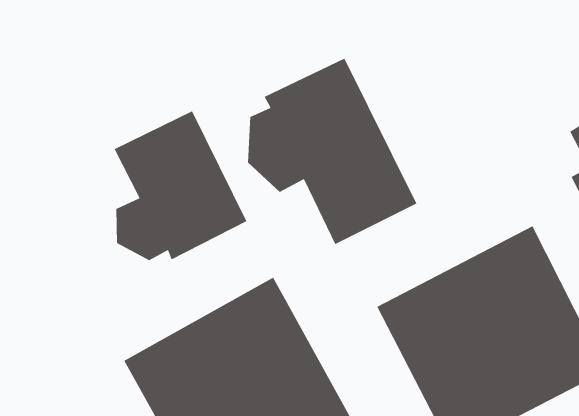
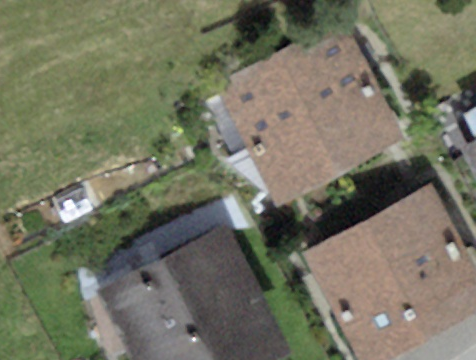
building: none -> [280,21,402,170]
building: [114,110,248,261] -> none

